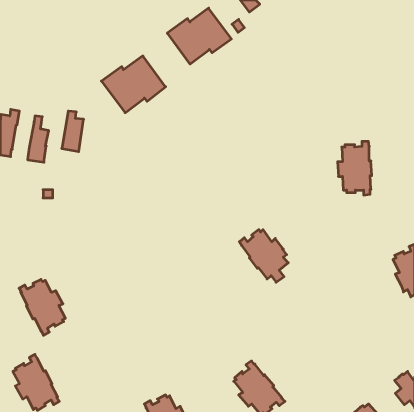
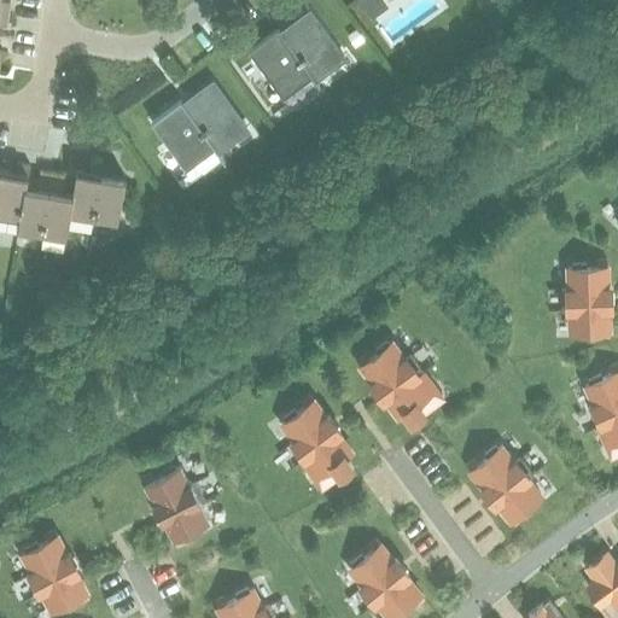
building: none -> [69,167,103,225]
building: none -> [17,174,53,241]
building: [338,141,372,195] -> [560,261,611,340]
building: none -> [282,398,351,477]
building: [19,279,65,335] -> [141,467,210,550]
building: none -> [466,447,542,527]

